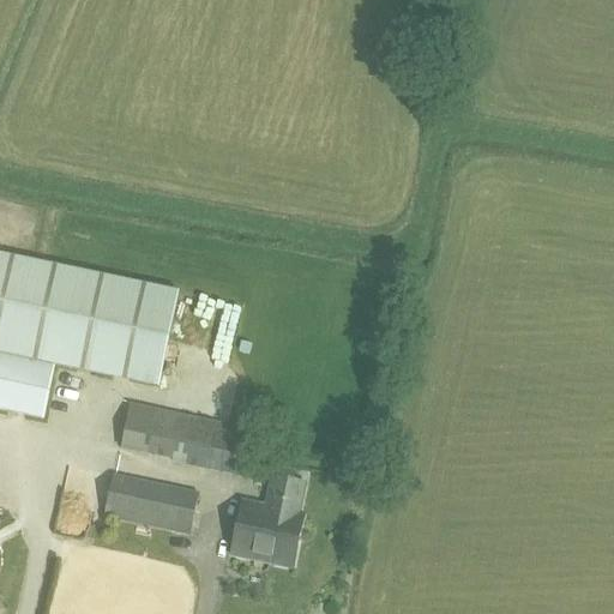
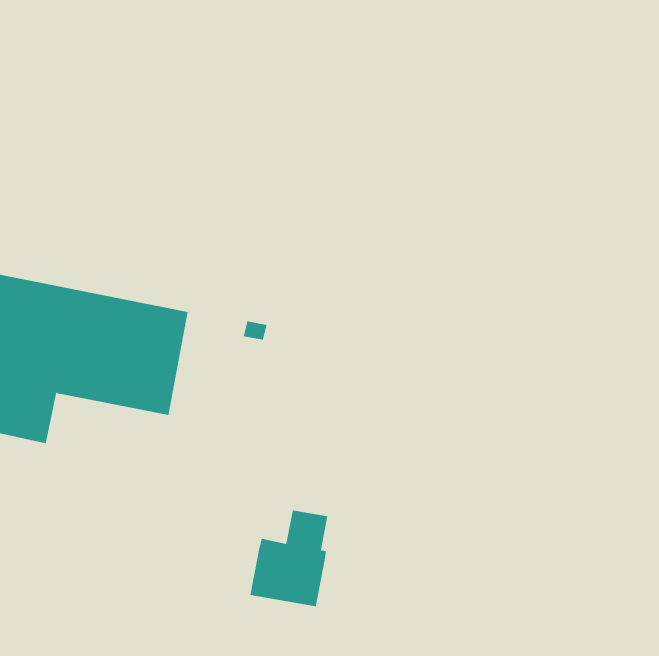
building: [121,401,258,474] -> none
building: [104,471,199,531] -> none

